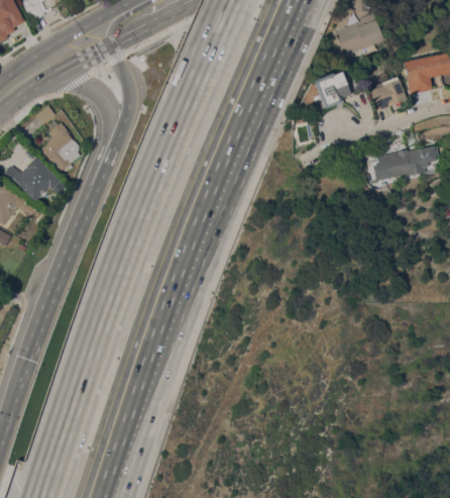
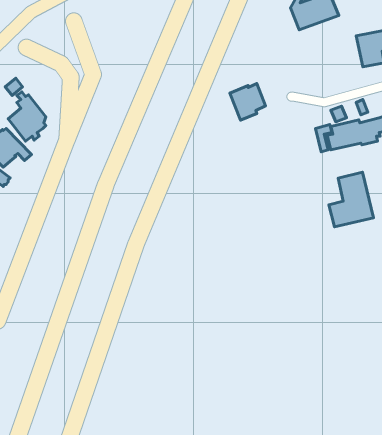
building: [313,71,350,109] -> [230,84,266,120]
building: [369,77,407,111] -> none
building: none -> [329,172,373,227]

